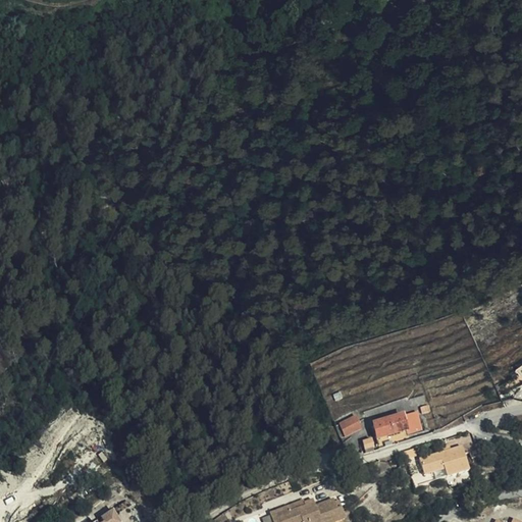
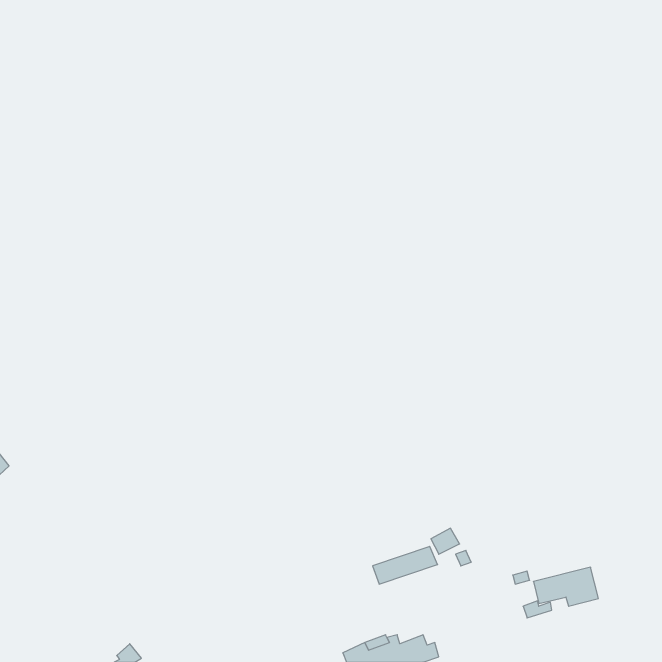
building: [371,411,422,440] -> [373,546,438,584]

